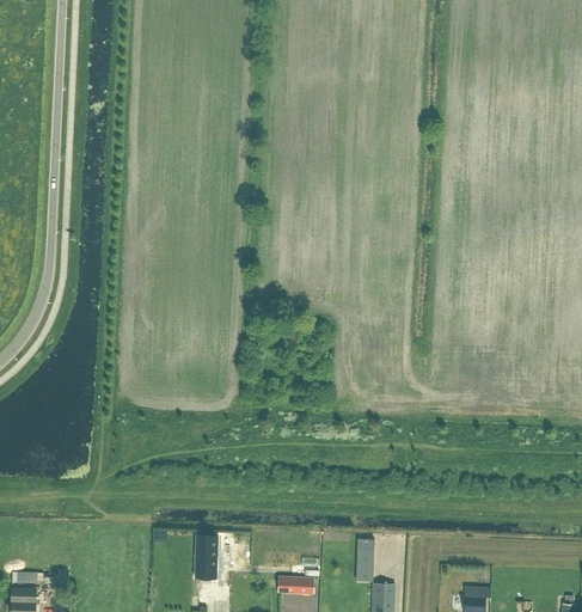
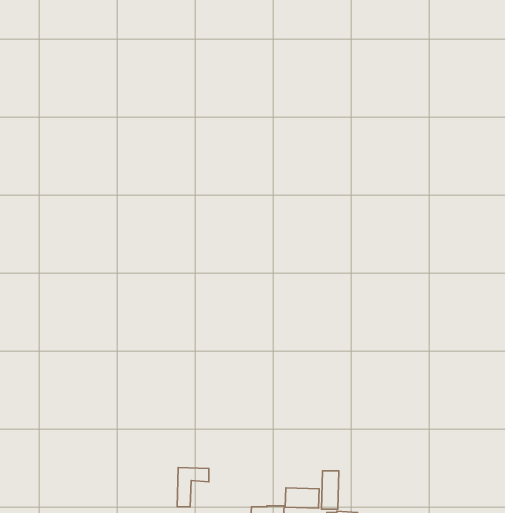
building: none -> [285,488,319,508]

